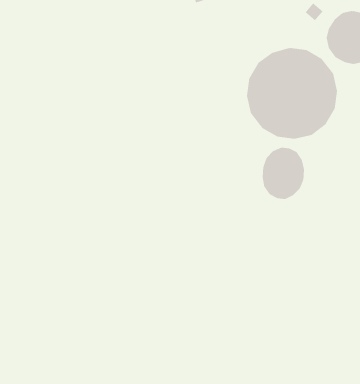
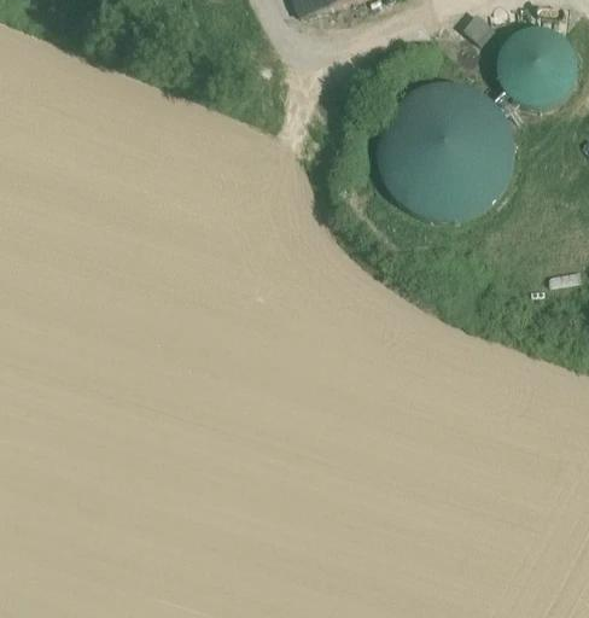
building: [262,147,305,200] -> none

